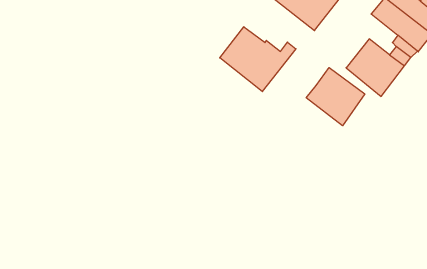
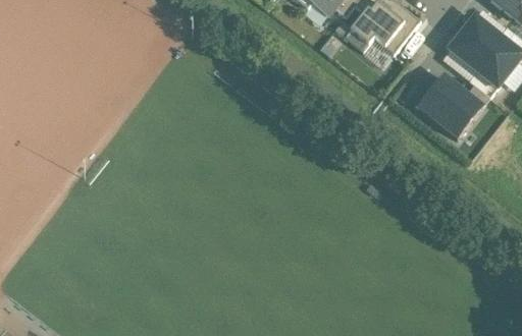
building: [220,27,296,92] -> none
building: [306,68,365,126] -> none

